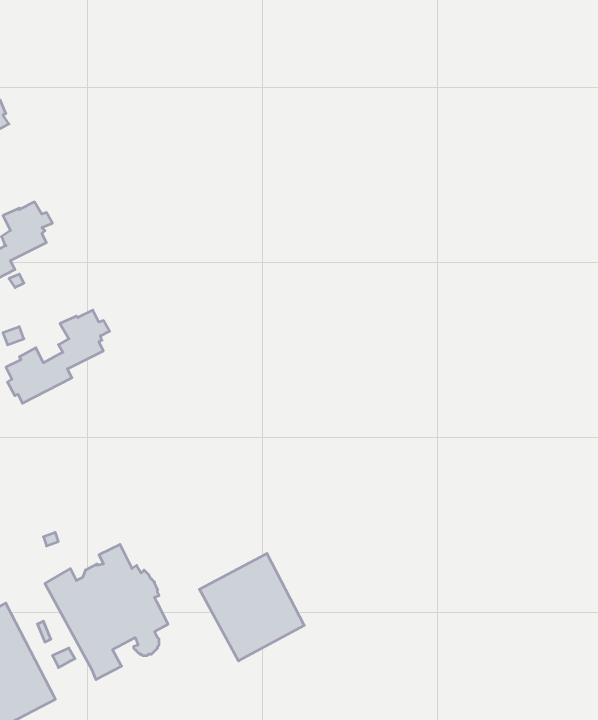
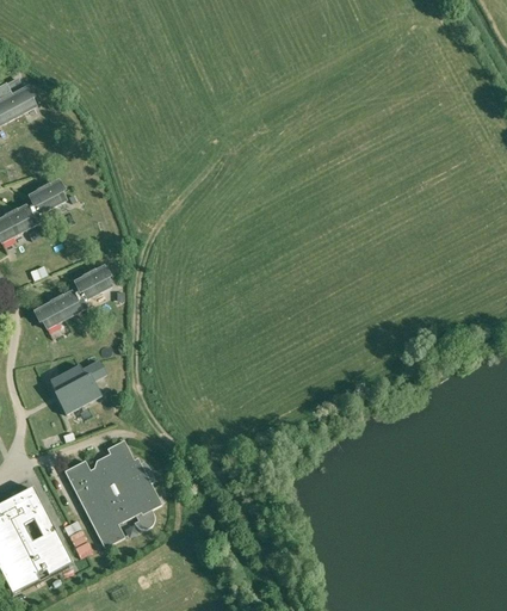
building: none -> [50,360,106,414]
building: [199,553,304,661] -> none

